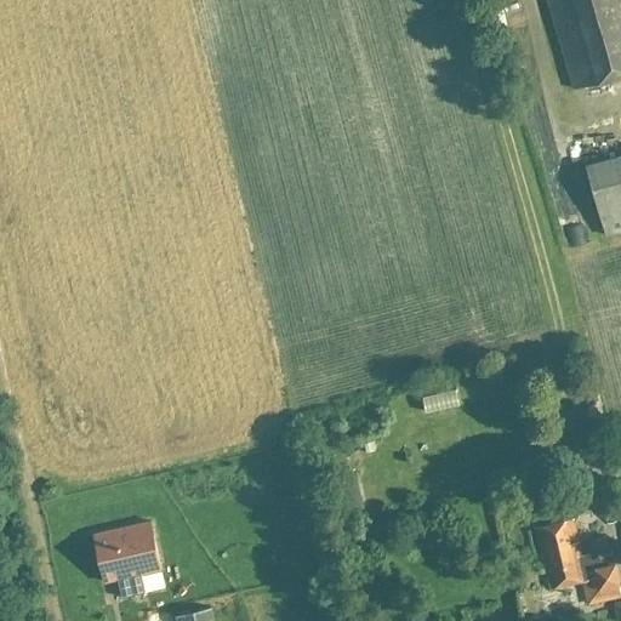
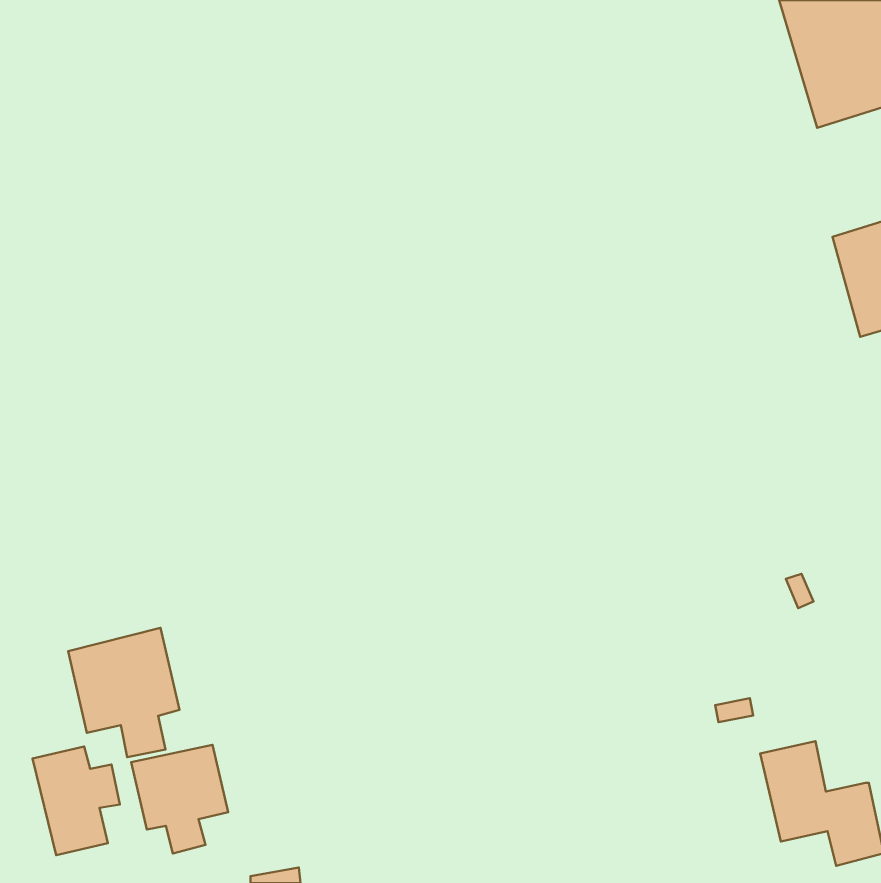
building: none -> [68,628,180,757]
building: none -> [33,747,120,855]

